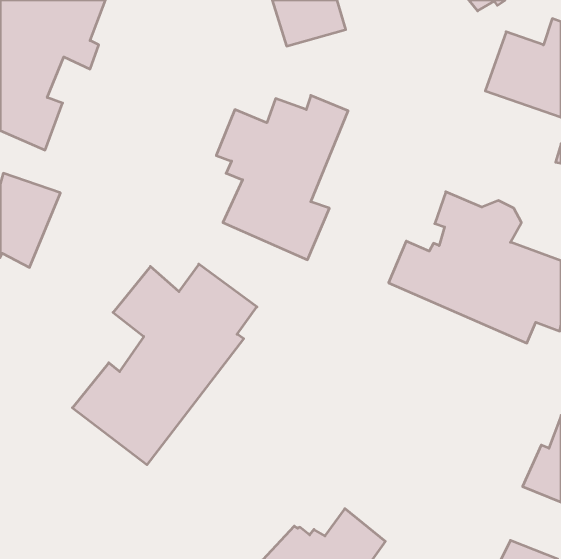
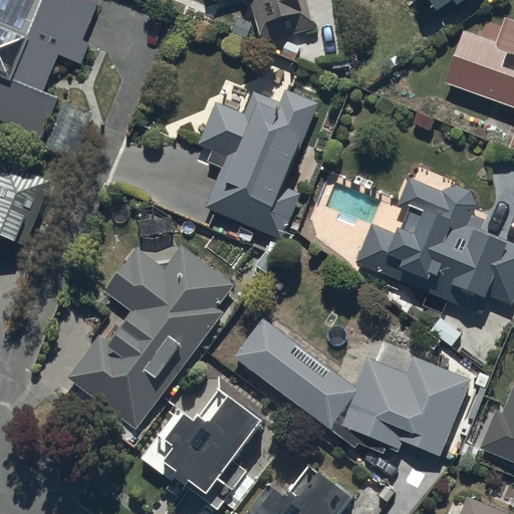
building: none -> [233,316,472,455]
building: none -> [139,384,263,508]

